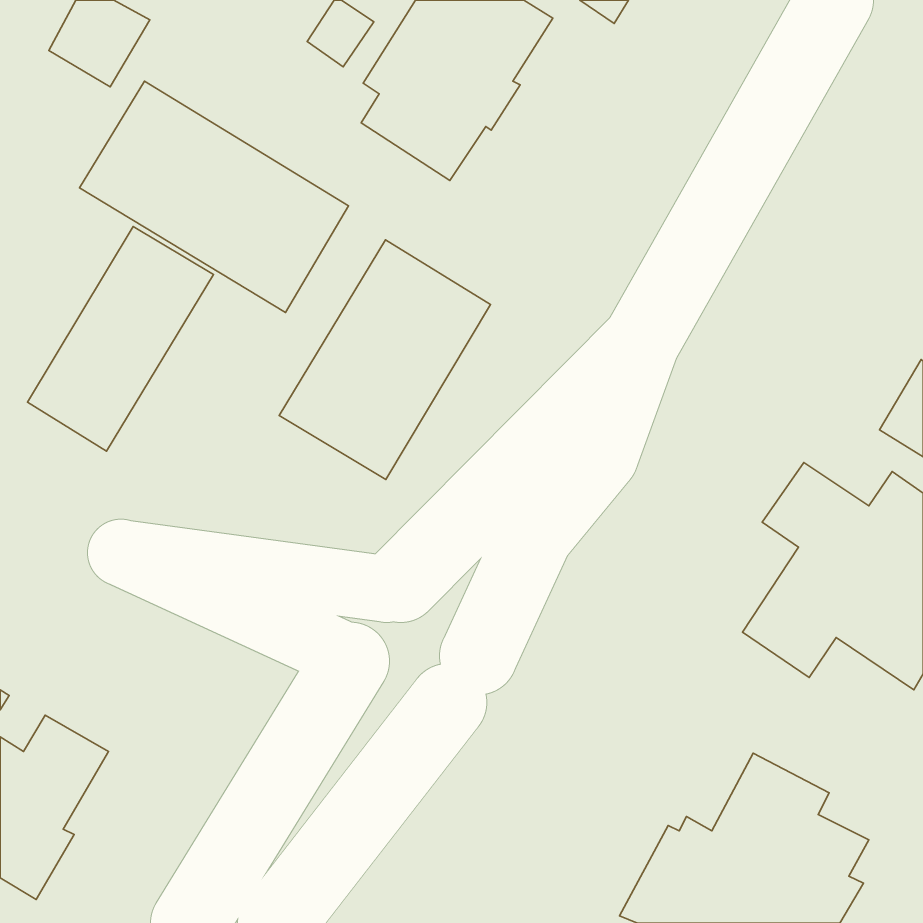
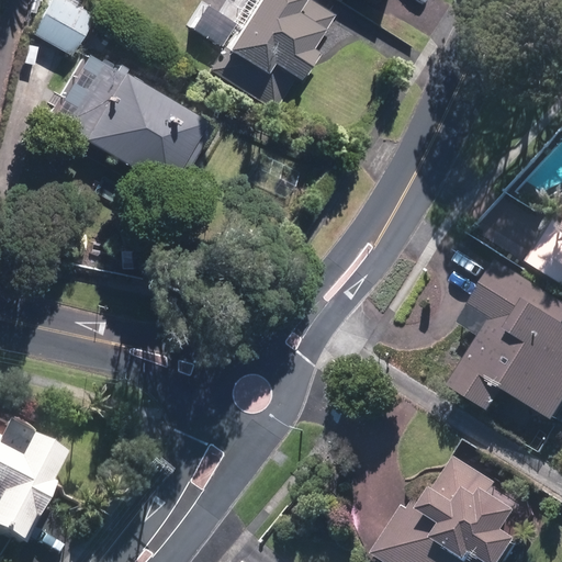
building: [27,226,214,451] -> none
building: [279,240,490,479] -> none

